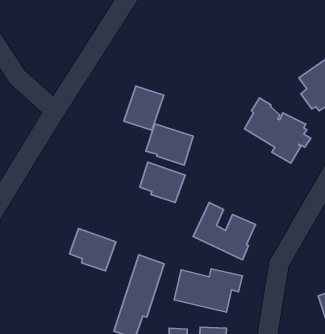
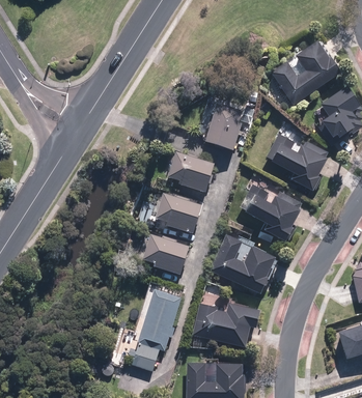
building: none -> [271,39,341,104]
building: [124,86,164,130] -> [205,104,247,149]
building: none -> [238,182,306,240]
building: [69,229,116,271] -> [142,230,190,274]

